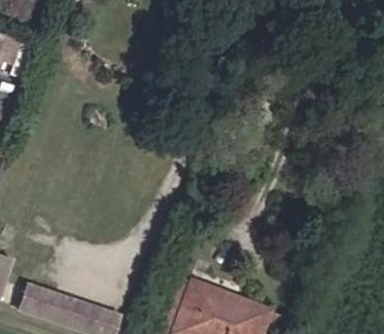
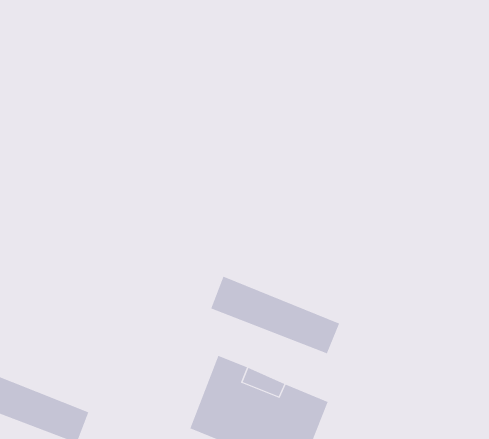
building: none -> [210,276,340,354]

